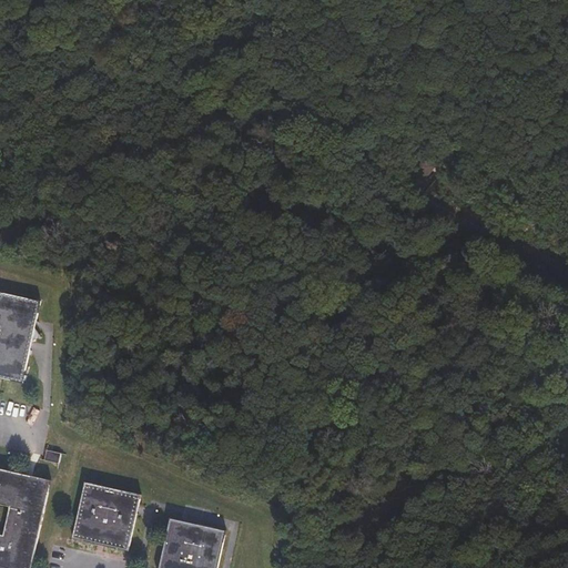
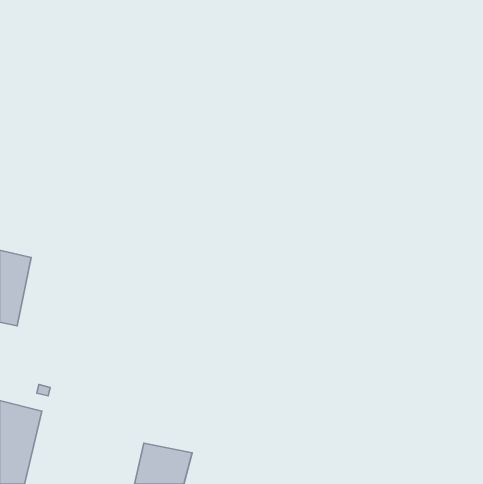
building: [73,483,140,549] -> none

